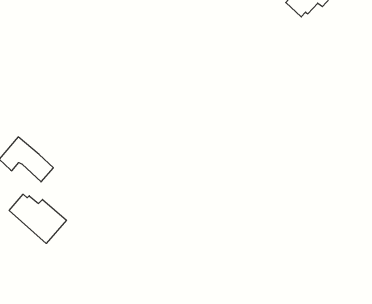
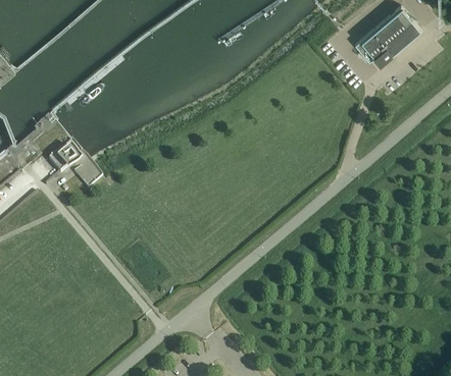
building: [9,194,66,243] -> none

